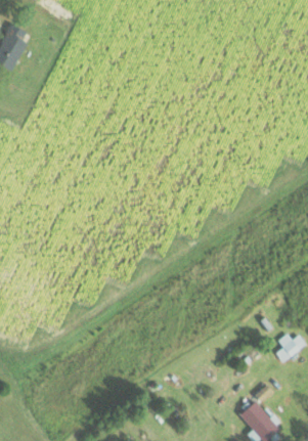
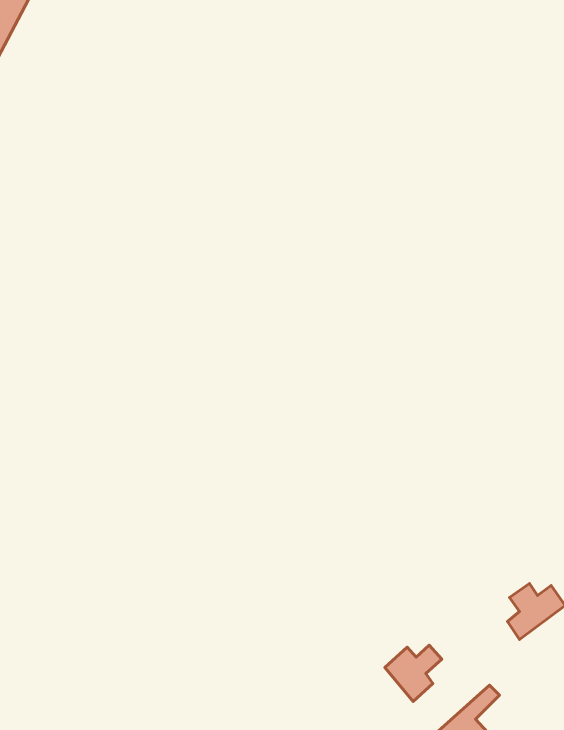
building: none -> [385,645,442,702]

